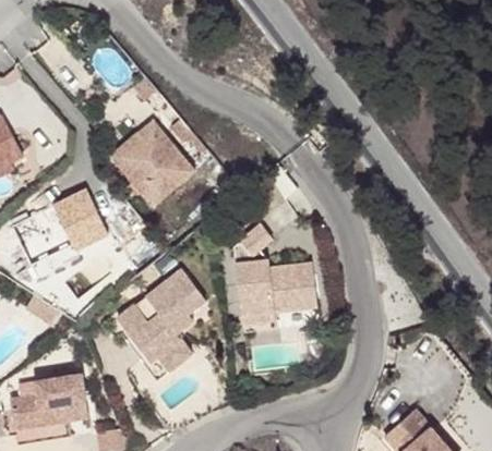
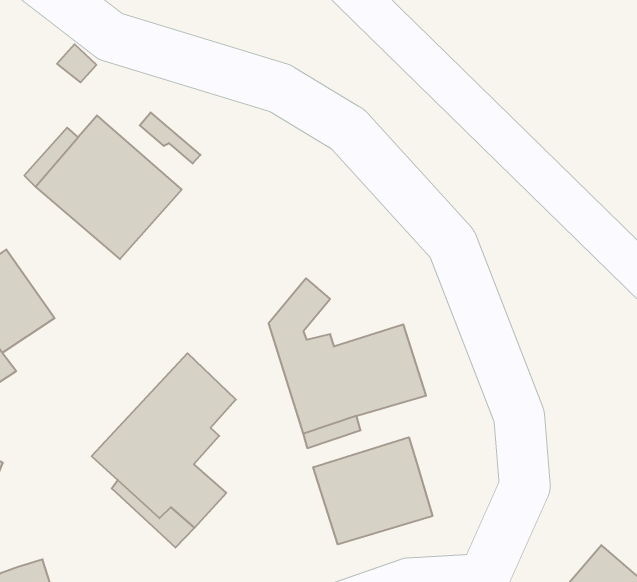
building: none -> [313,437,432,544]

